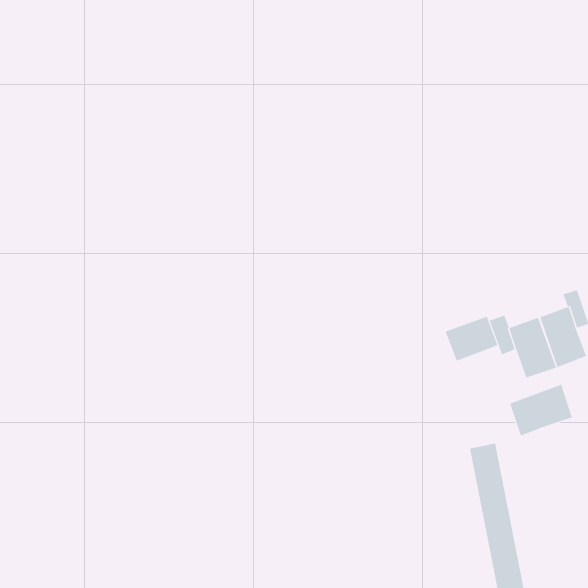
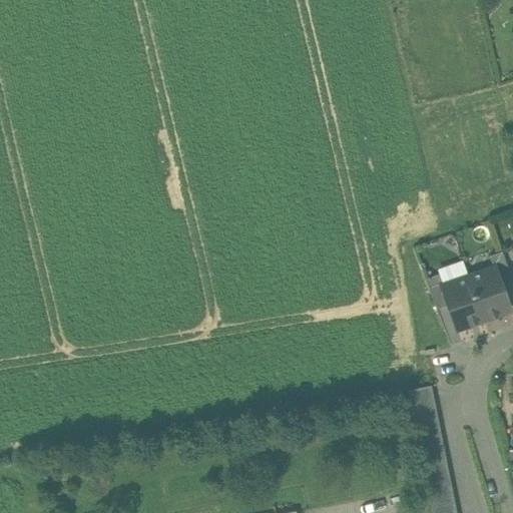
building: [445,316,498,361] -> none
building: [509,384,573,436] -> none

